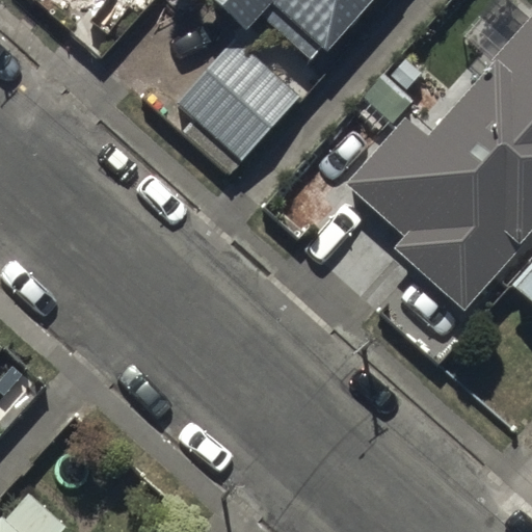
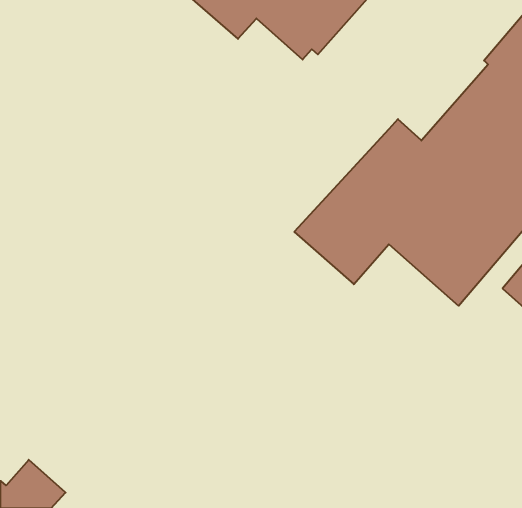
building: [178,41,297,170] -> none

